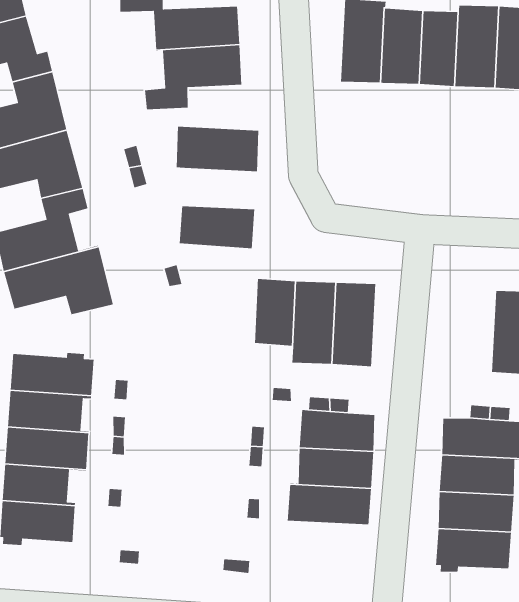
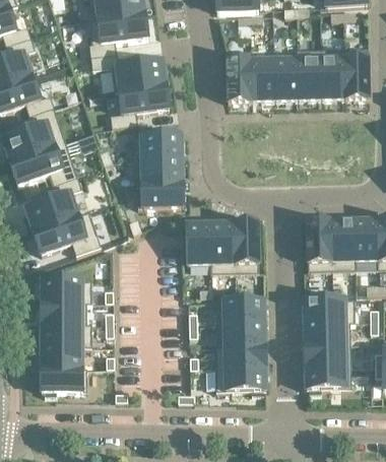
building: none -> [137,158,182,182]
building: none -> [307,219,331,269]
building: none -> [214,367,265,393]

